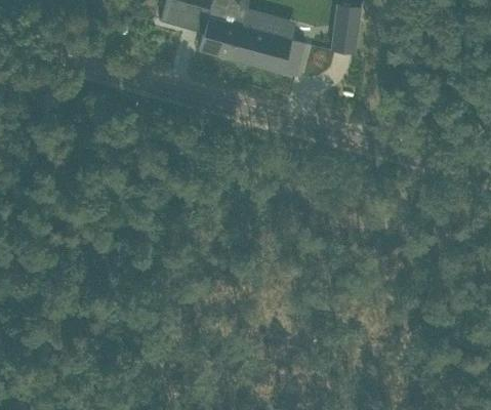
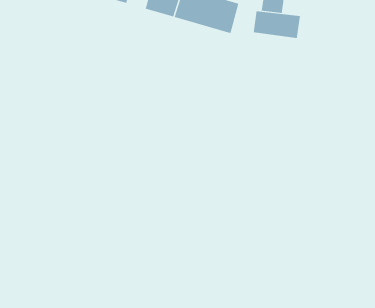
building: none -> [253,11,300,39]

